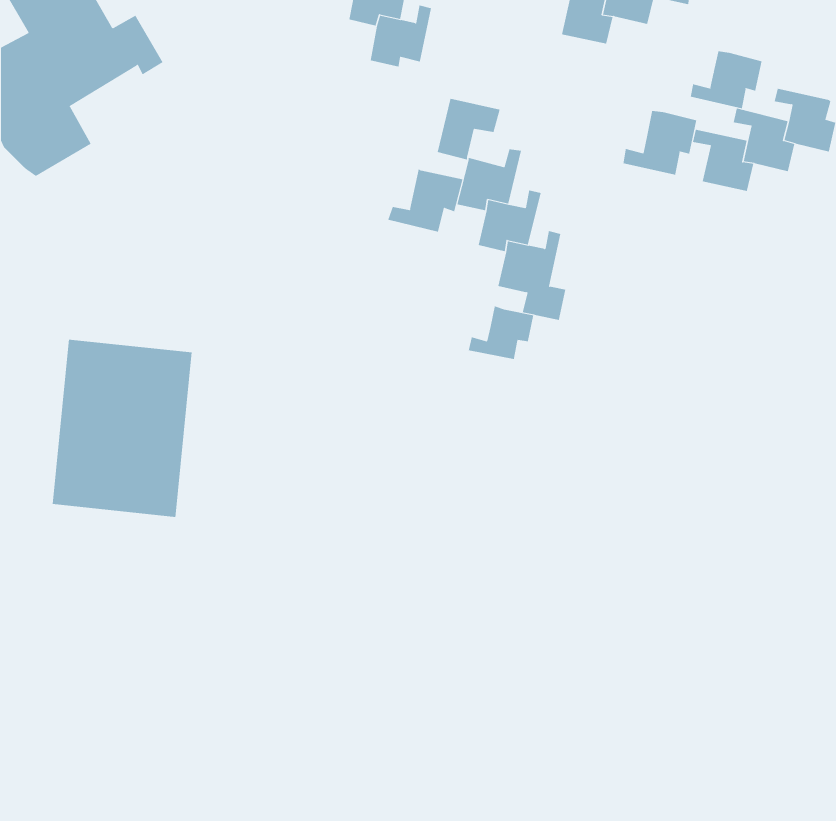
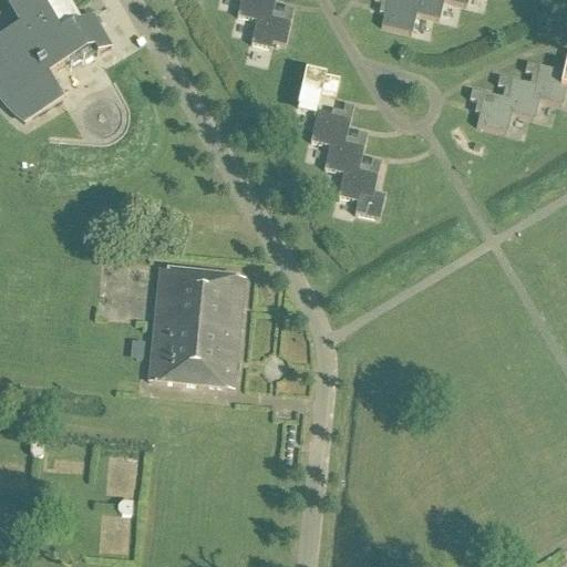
building: [690,51,762,109] -> none
building: [623,110,697,176] -> none
building: [388,168,463,232] -> none
building: [468,306,534,360] -> none
building: [52,339,193,517] -> [148,266,244,386]

